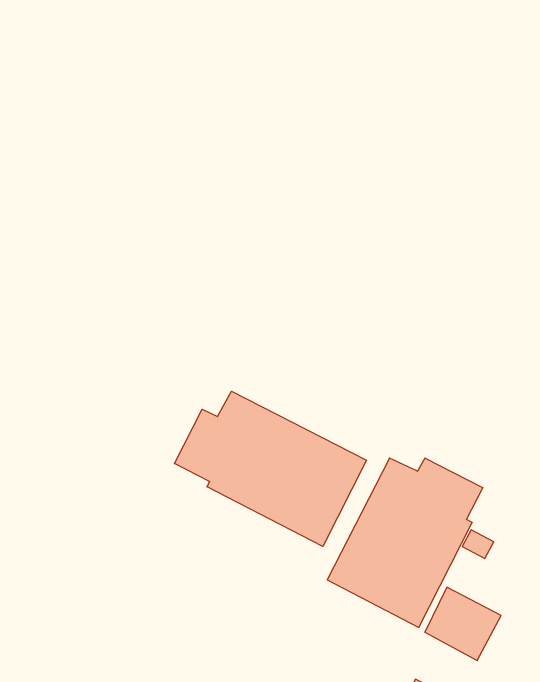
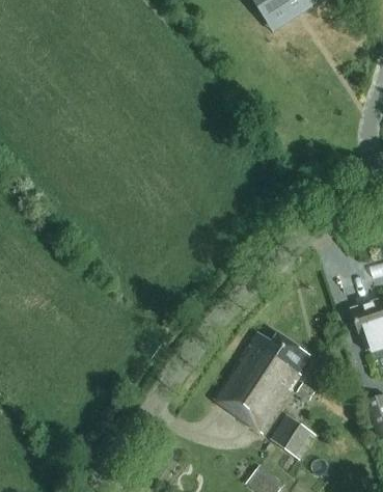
building: [174,391,366,546] -> none

